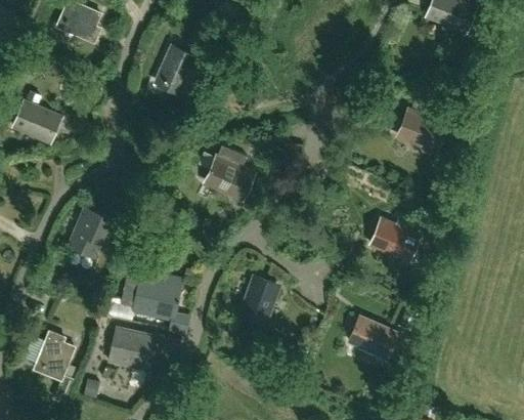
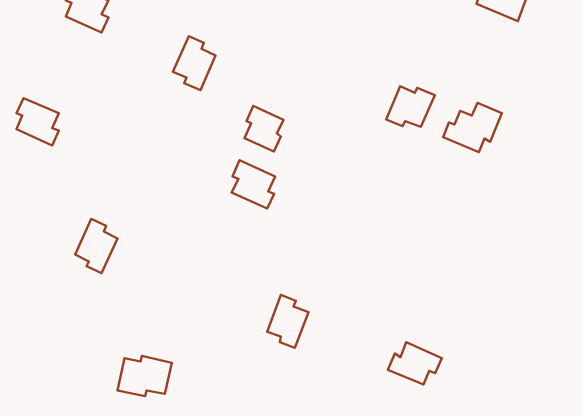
building: none -> [386,86,435,127]
building: none -> [244,106,283,151]
building: [369,221,418,259] -> none
building: [120,263,190,331] -> none
building: [36,332,74,380] -> none

